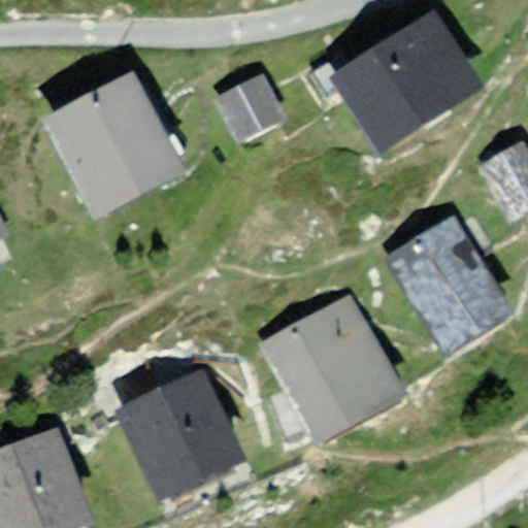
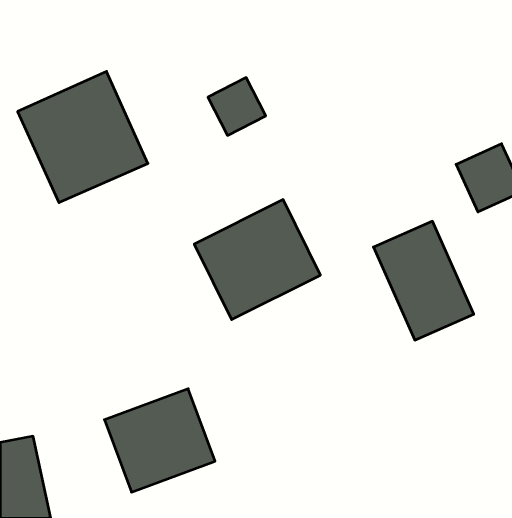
building: [323,16,469,148] -> none
building: [257,307,383,427] -> [194,200,320,320]

